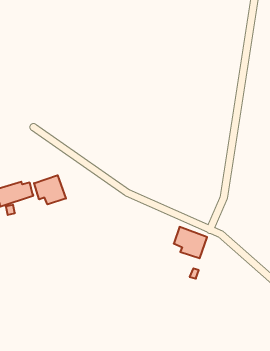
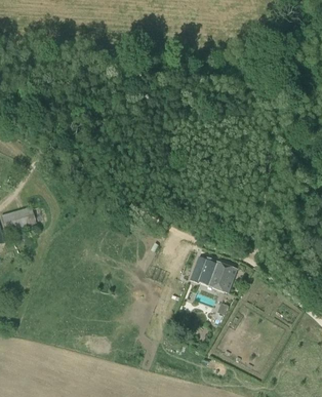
building: [34,175,66,204] -> none

